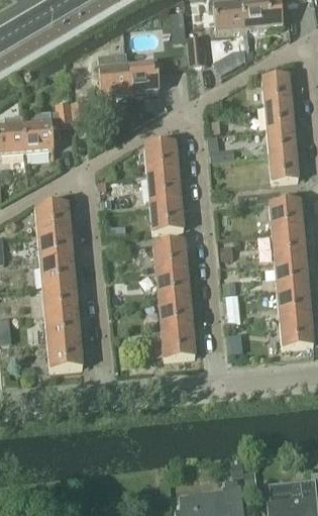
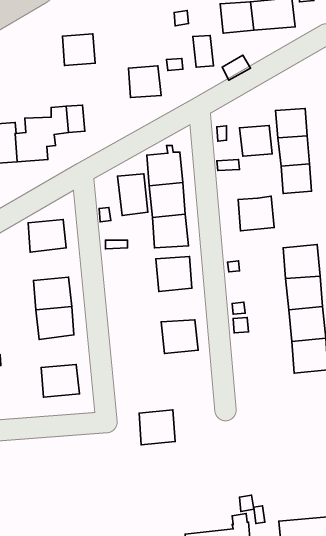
building: [100,64,130,93] -> [62,34,95,65]
building: [261,75,292,103] -> [240,126,272,156]
building: none -> [117,174,148,216]
building: [270,198,303,230] -> [238,196,274,231]
building: [37,230,73,261] -> none
building: [156,268,190,299] -> none
building: [45,311,80,341] -> none
building: [162,325,195,357] -> [139,410,175,445]

